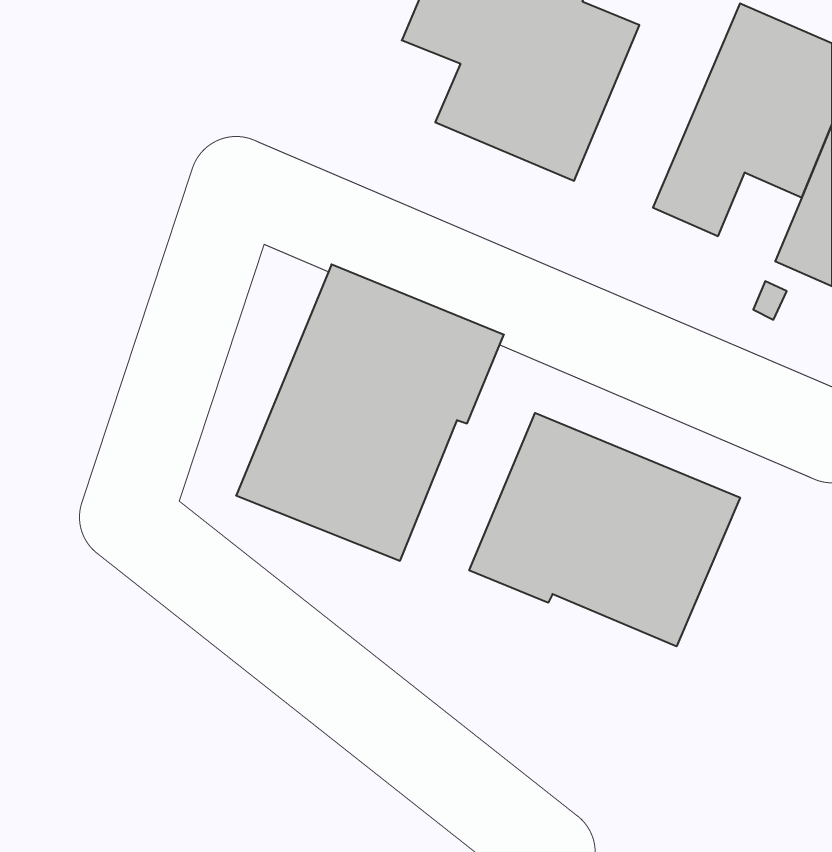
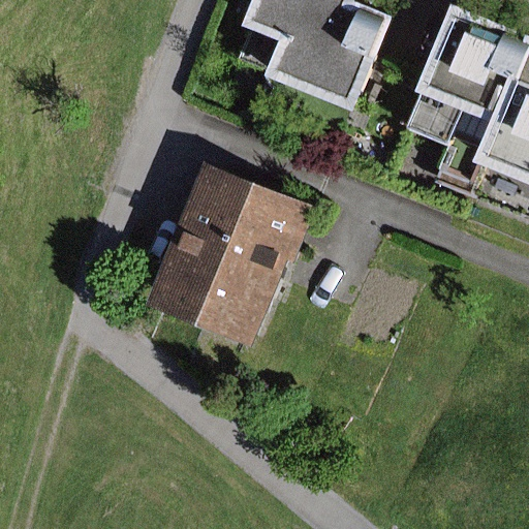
building: [469,413,740,646] -> none

